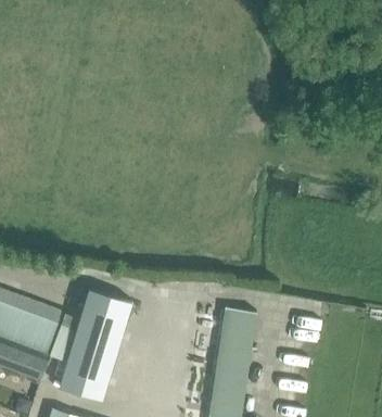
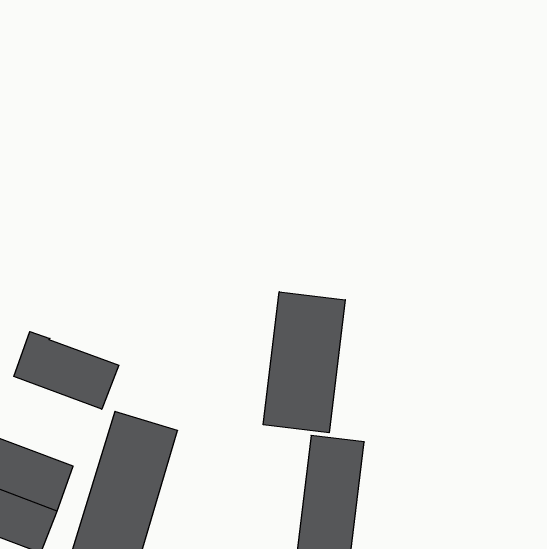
building: none -> [263,292,345,433]
building: none -> [14,332,119,409]

